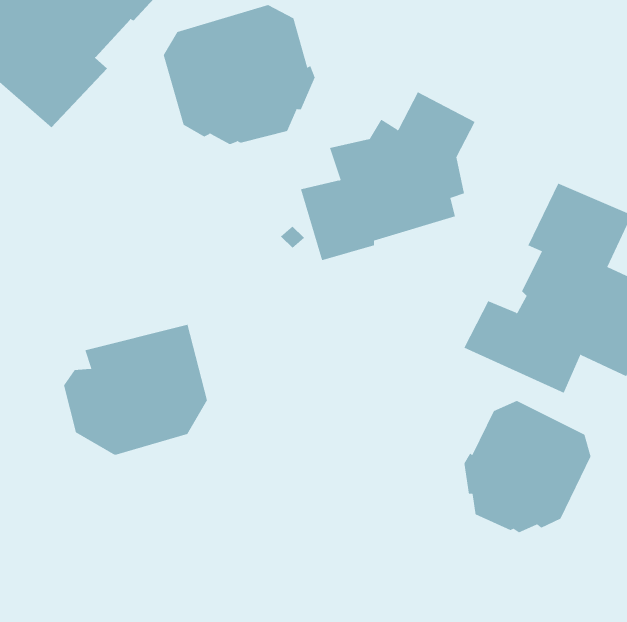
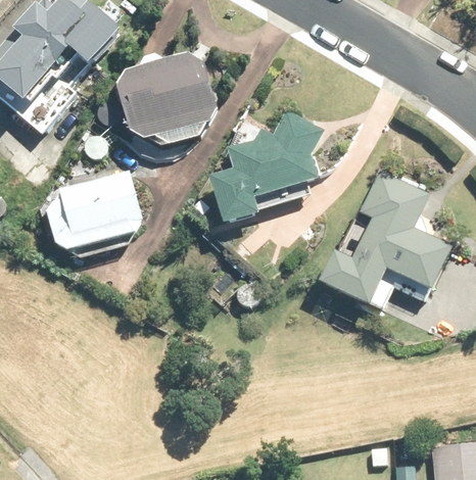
building: [63,324,208,455] -> [45,170,142,257]
building: [464,400,591,533] -> none

